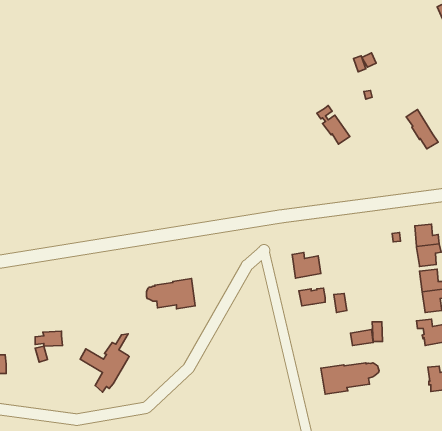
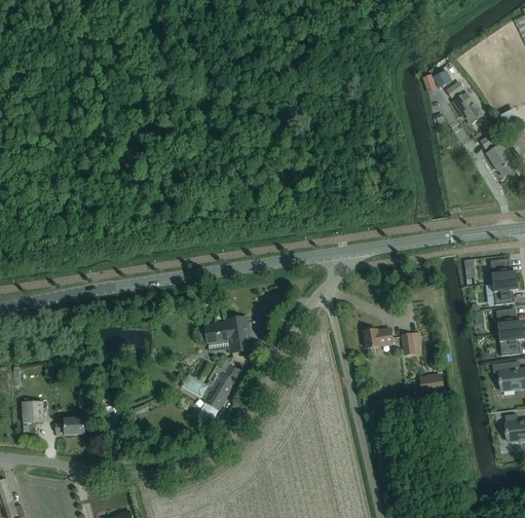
building: [317,106,350,144] -> [447,81,483,123]
building: [292,253,321,278] -> none
building: [35,331,63,346] -> [55,417,85,434]
building: [80,334,129,392] -> [182,357,235,420]
building: [321,363,379,394] -> none

